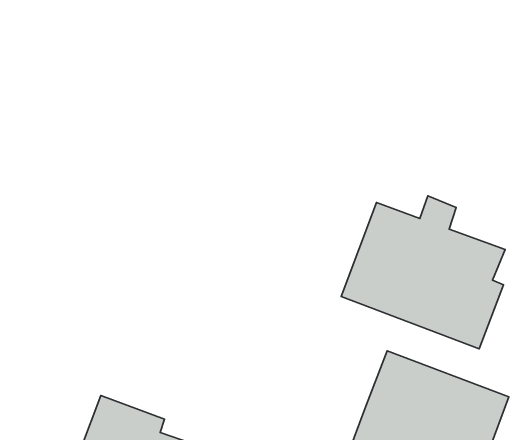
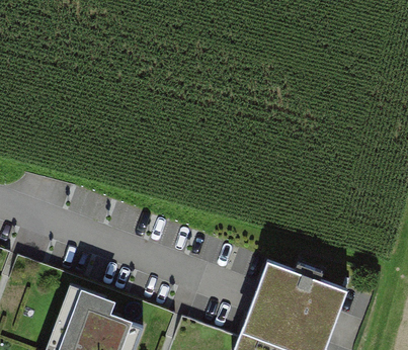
building: [341,196,505,349] -> none

